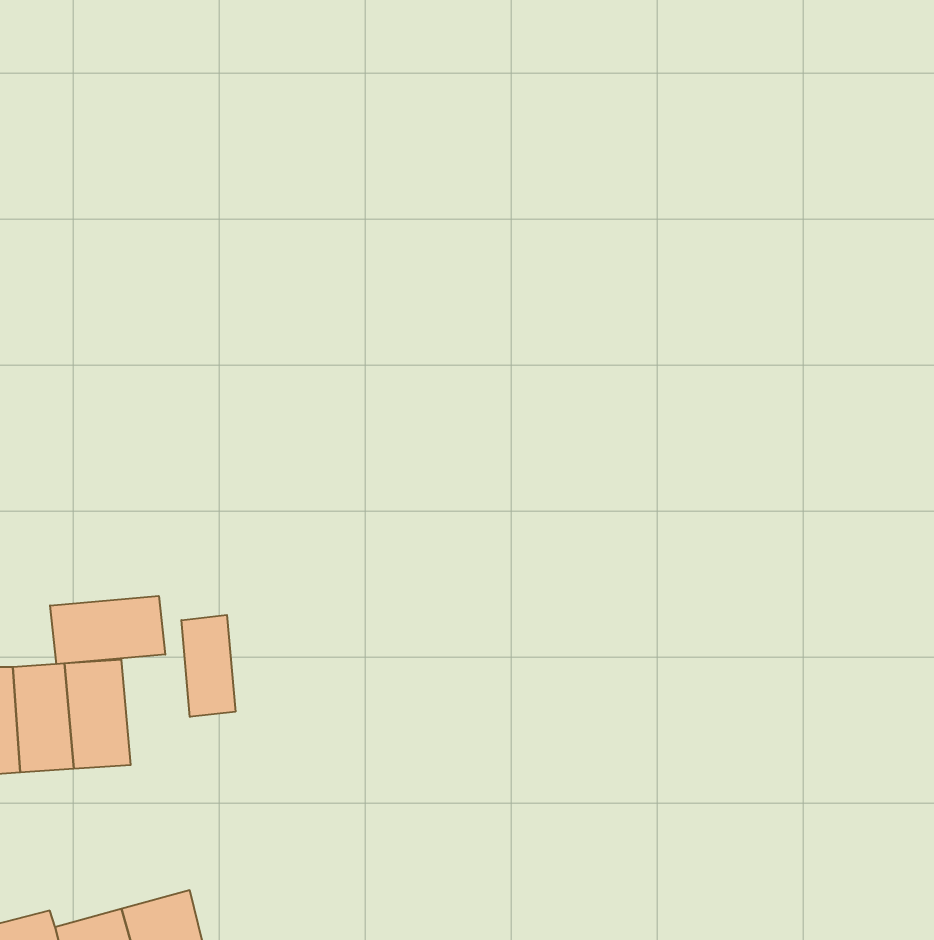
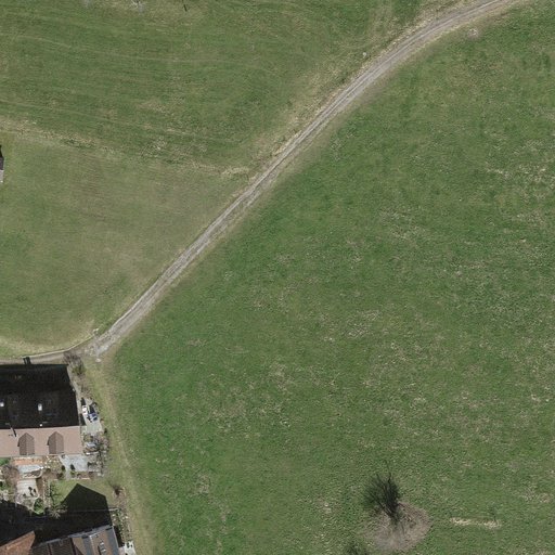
building: [50,596,165,664] -> none
building: [181,615,235,717] -> none

